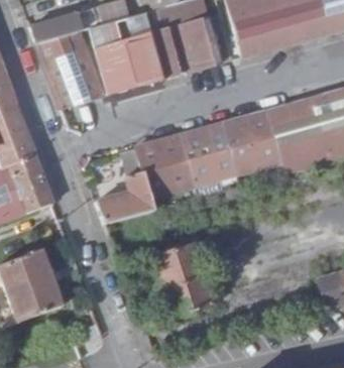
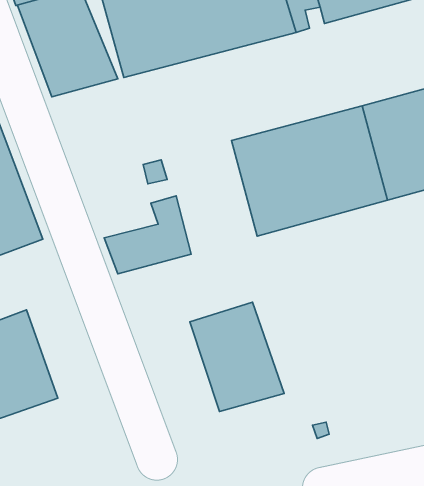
building: [136,133,198,210] -> none

